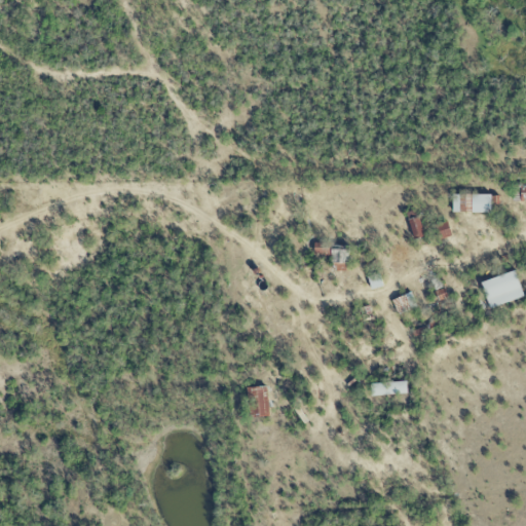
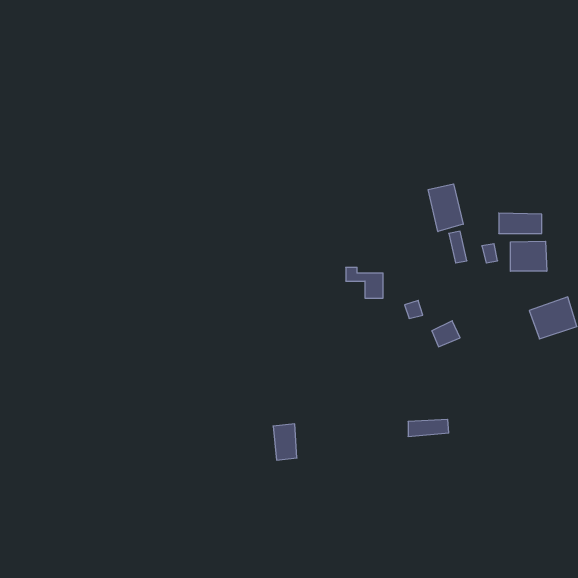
building: none -> [428,184,463,232]
building: none -> [510,241,547,271]

